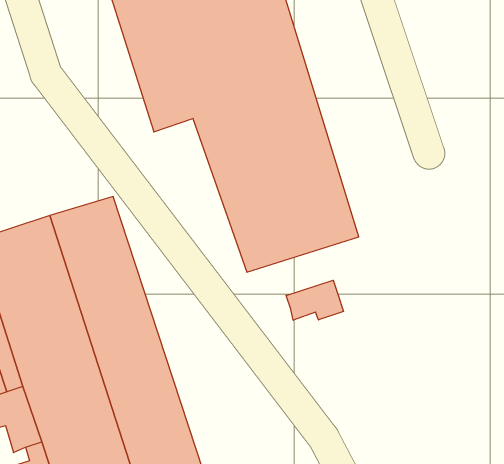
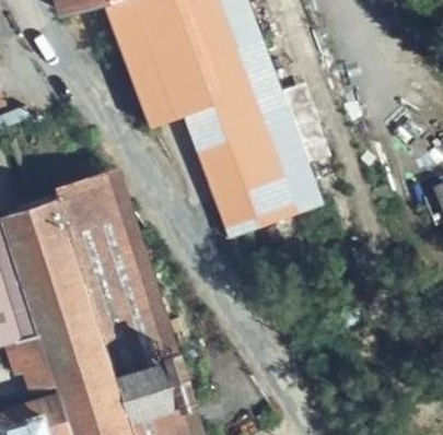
building: [286,280,344,320] -> none

